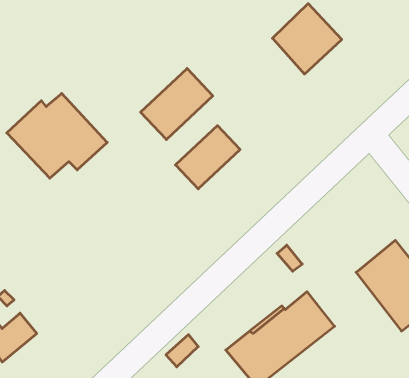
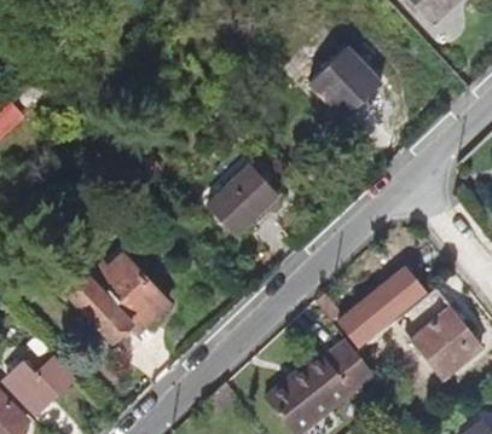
building: [141,68,213,140] -> none
building: [7,93,107,178] -> [68,255,169,341]
building: none -> [336,265,428,347]

